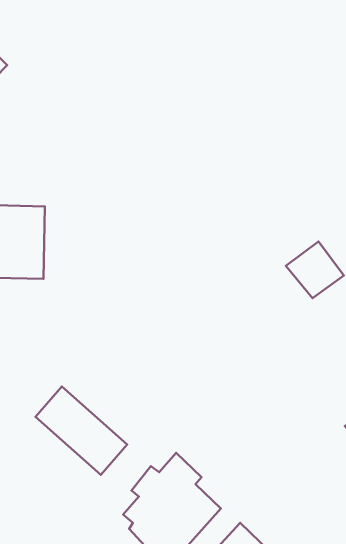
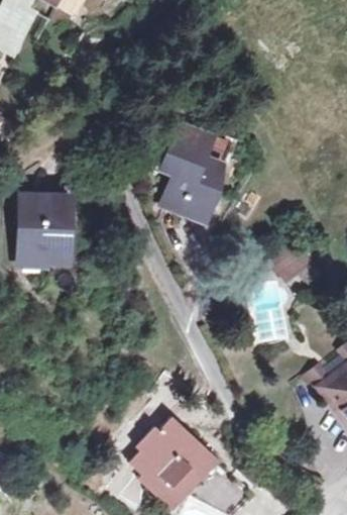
building: none -> [168,130,227,217]
building: [35,386,127,475] -> none

